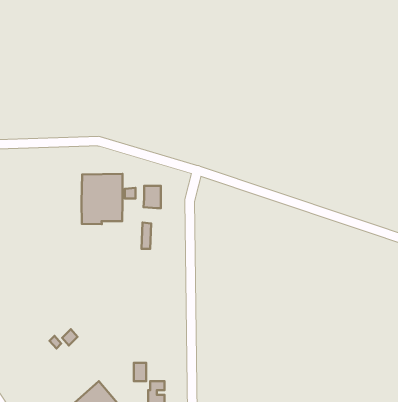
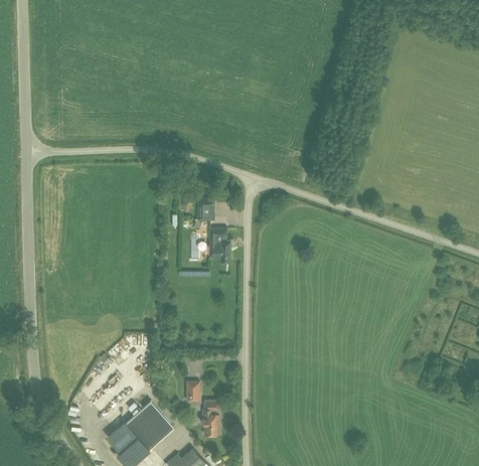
building: [81,174,122,224] -> none
building: none -> [208,228,230,264]

